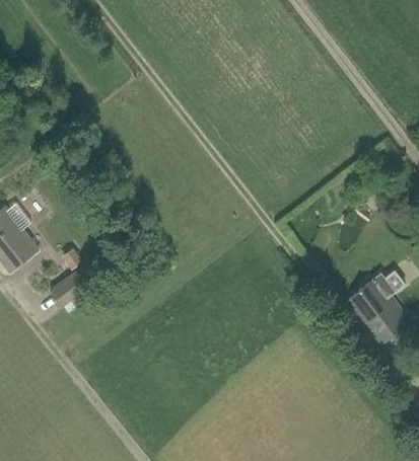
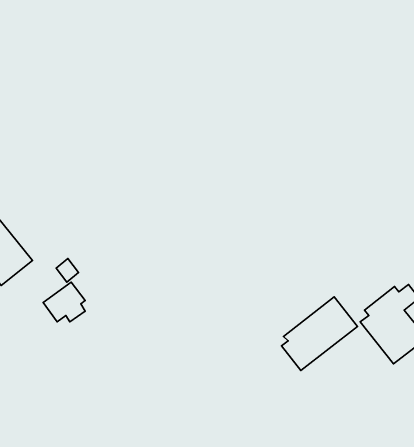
building: none -> [281,297,357,371]

